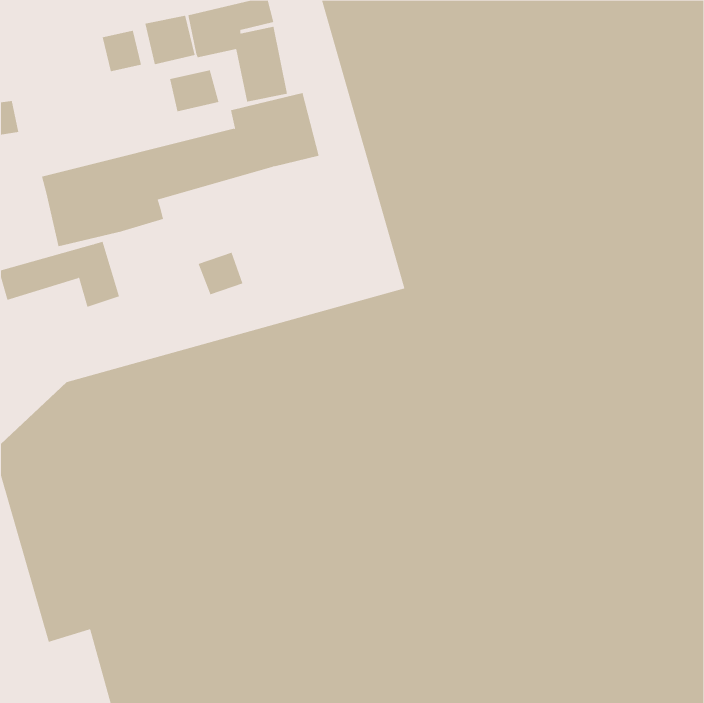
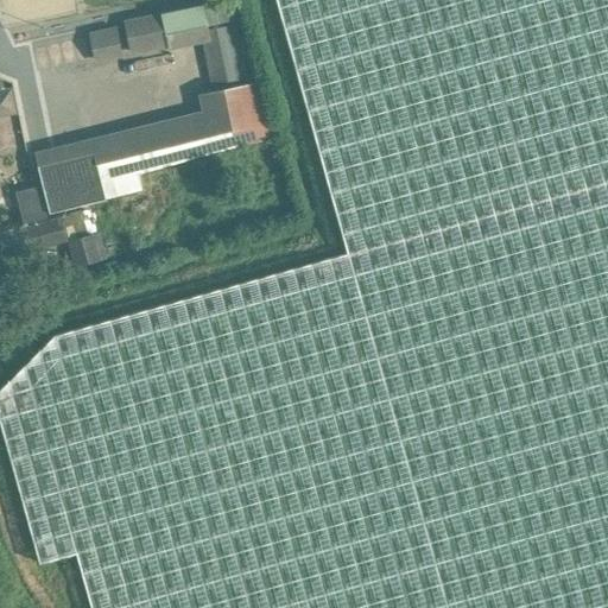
building: [169,69,219,112] -> none
building: none -> [17,188,46,224]
building: [198,252,243,295] -> none

